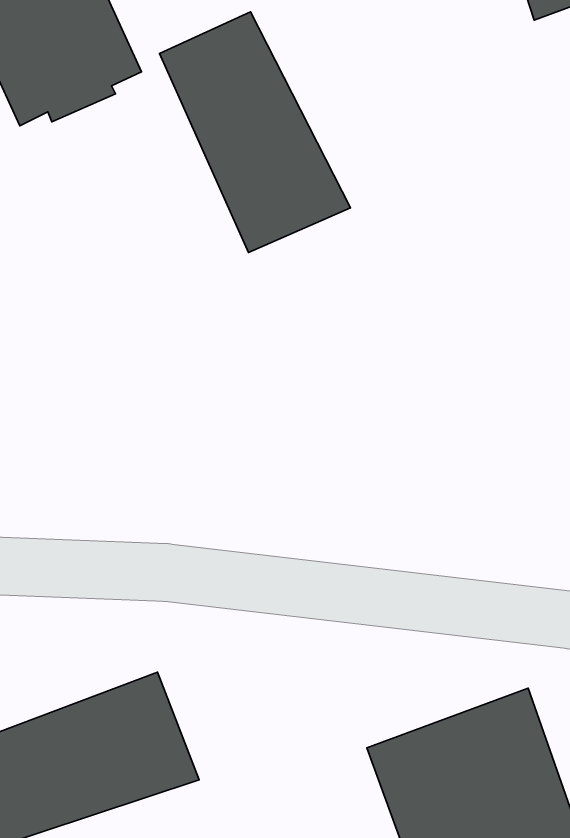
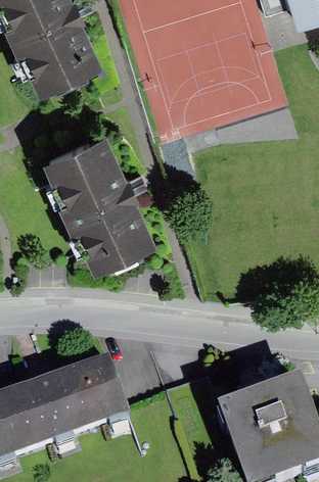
building: [159,12,350,253] -> none
building: none -> [44,129,149,262]

